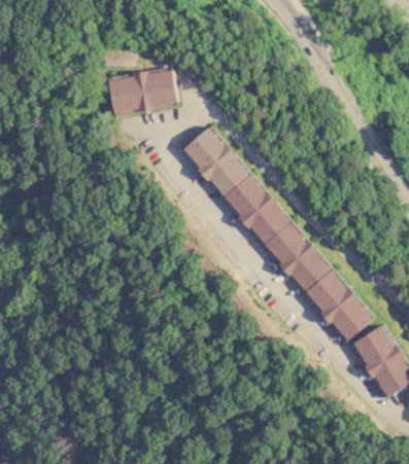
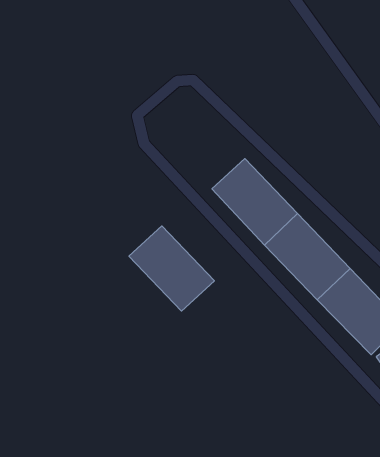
building: [108,69,177,110] -> none
building: [182,126,252,198] -> [129,226,214,311]

